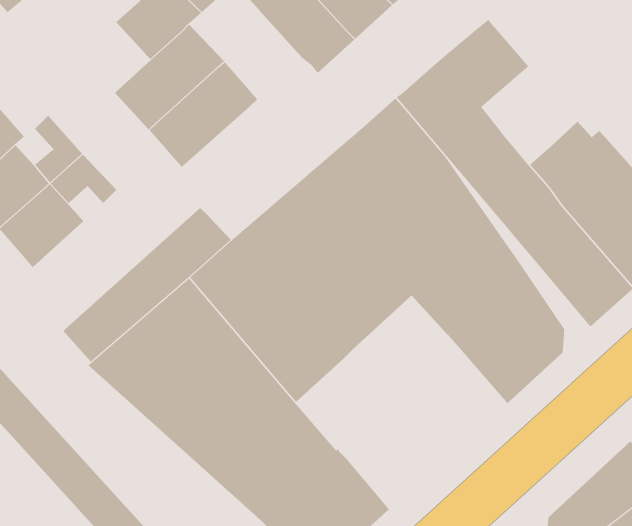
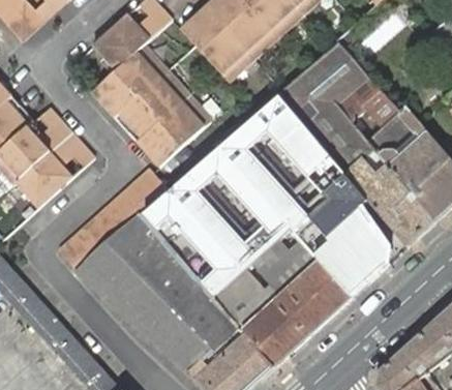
building: none -> [335,73,398,124]
building: none -> [137,95,210,166]
building: none -> [212,226,352,366]

